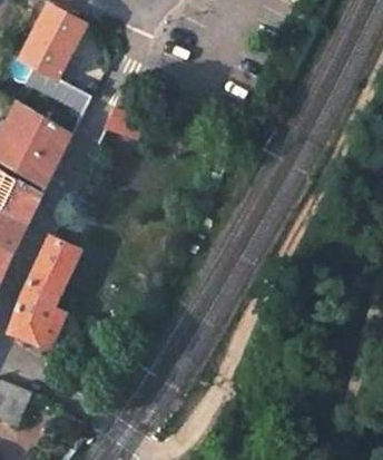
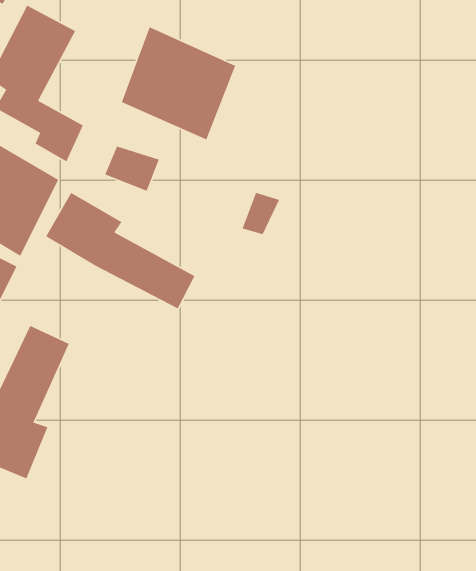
building: none -> [121,26,236,141]
building: none -> [45,192,195,310]

